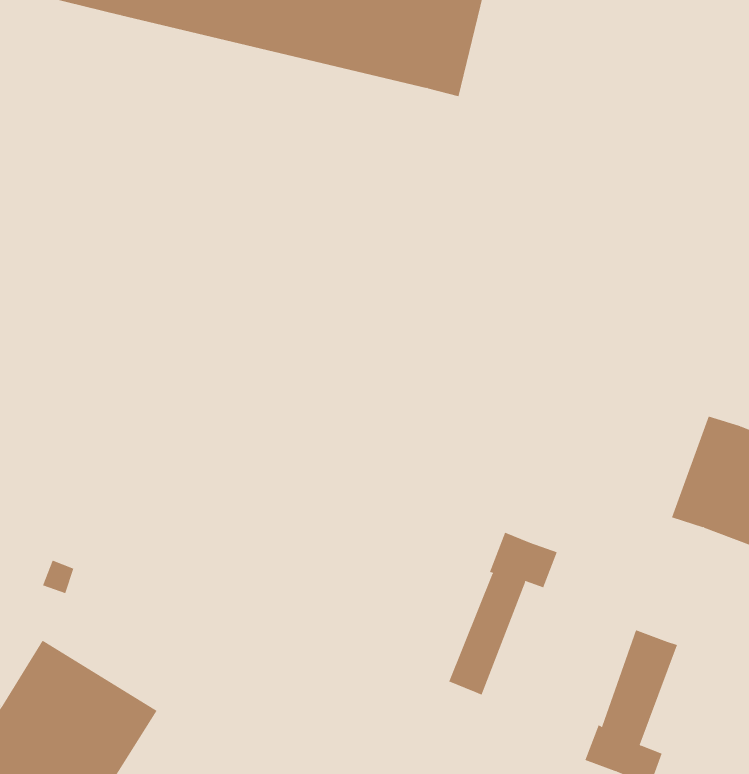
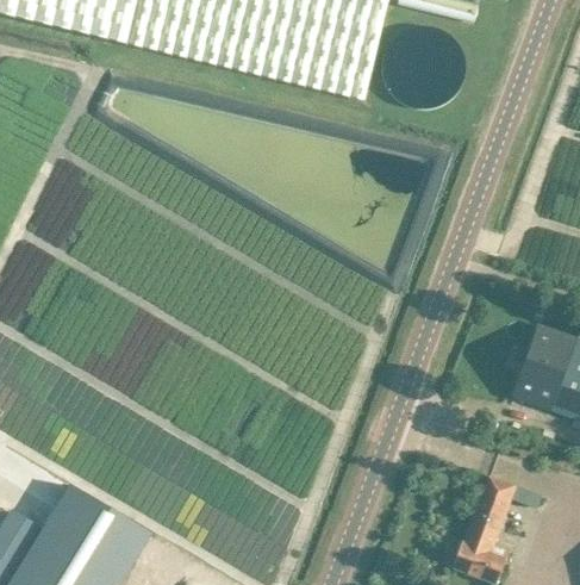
building: [449,532,558,696] -> none

